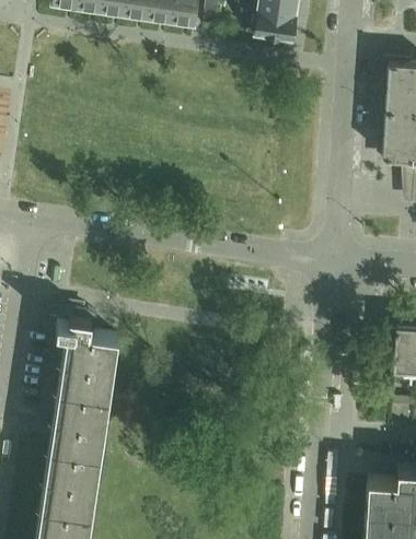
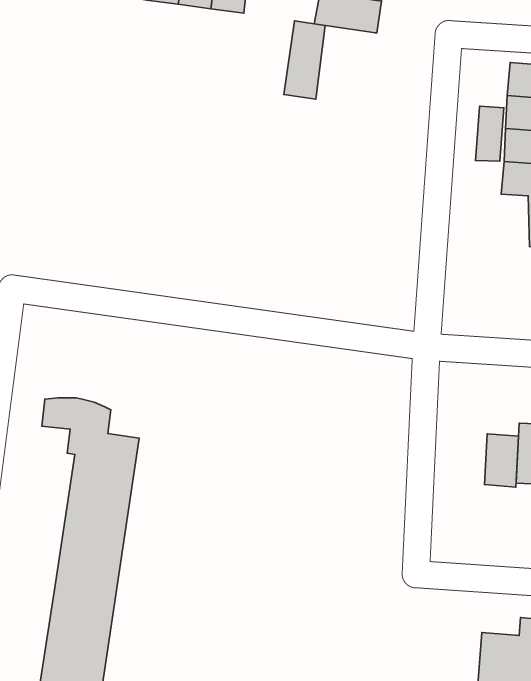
building: none -> [284,21,325,99]
building: none -> [476,106,504,161]
building: none -> [485,434,518,487]

